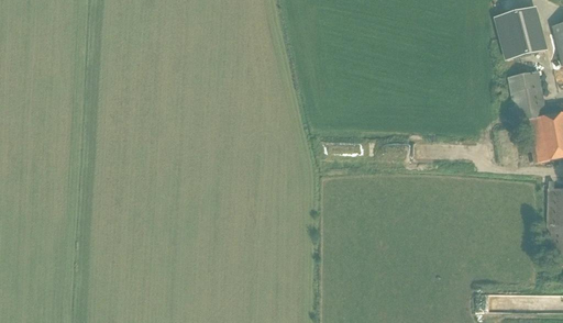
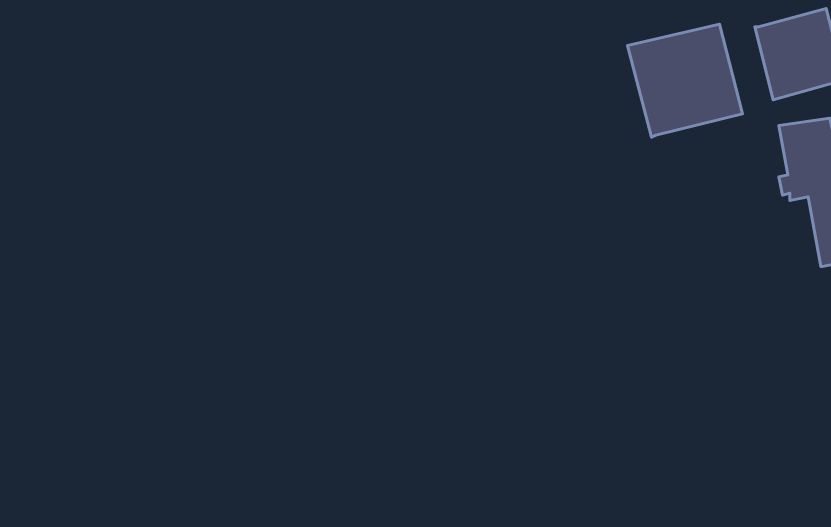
building: none -> [627,24,742,137]

